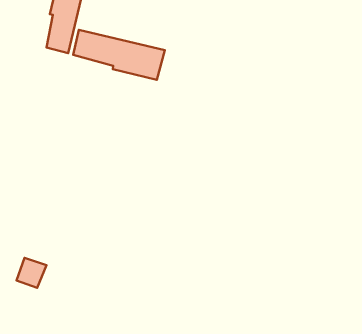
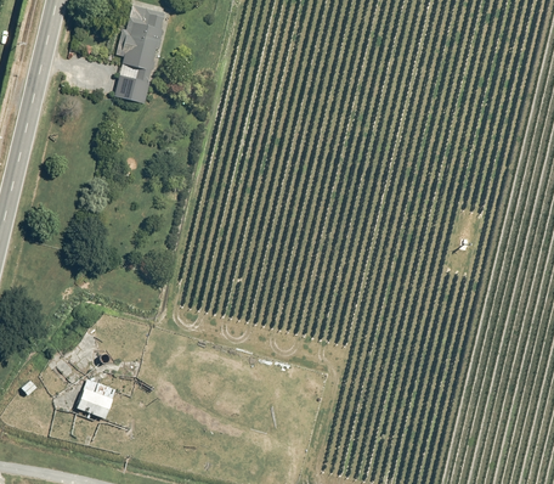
building: [73,30,165,80] -> none

